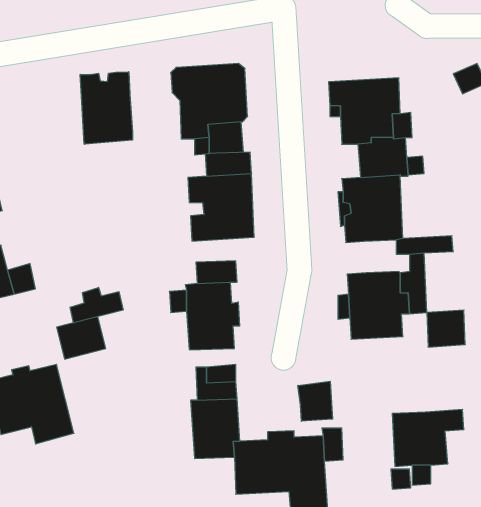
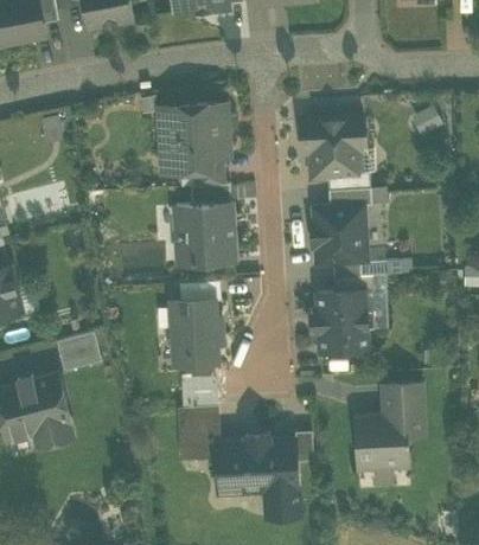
building: [80,72,133,144] -> none
building: none -> [332,263,372,293]
building: [70,287,123,323] -> none
building: [427,310,465,347] -> [385,384,420,417]
building: [298,381,333,421] -> none

